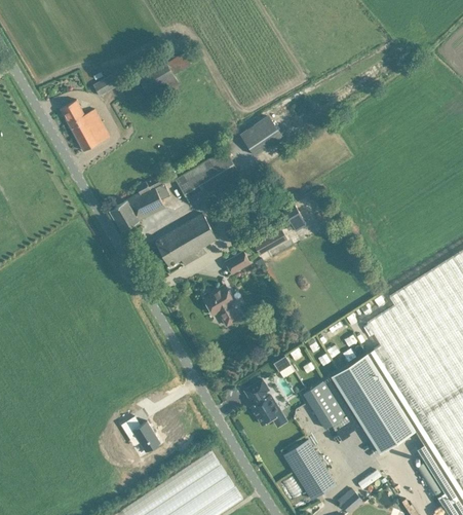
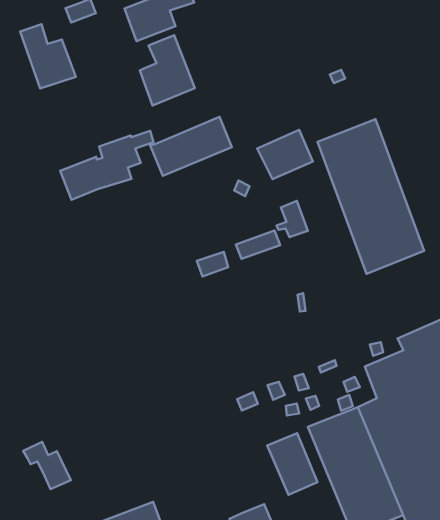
building: none -> [140,35,195,105]
building: [239,115,283,156] -> [257,130,313,179]
building: none -> [318,119,424,274]
building: [156,215,217,267] -> none
building: [204,286,239,327] -> none
building: [244,380,285,427] -> none

